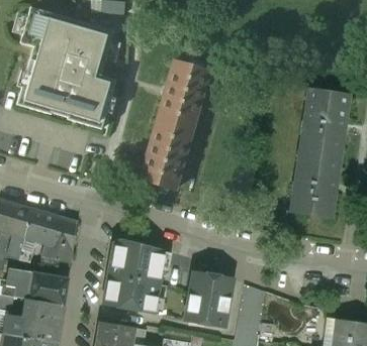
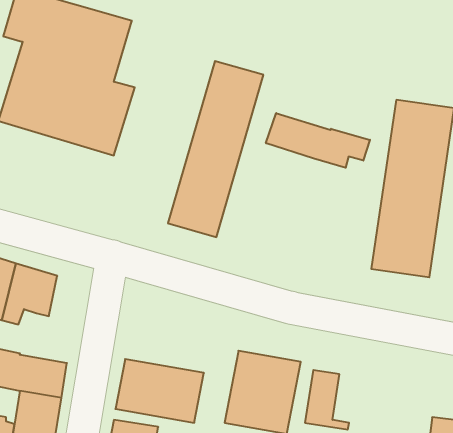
building: none -> [266,113,370,168]
building: [41,216,77,262] -> none
building: [109,242,173,286] -> none

